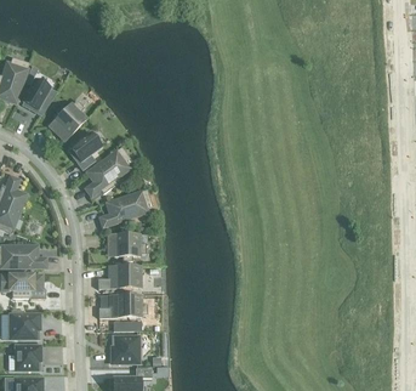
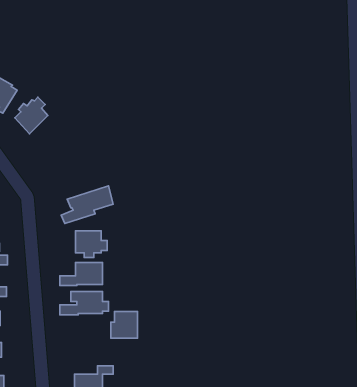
building: [70,131,102,169] -> none
building: [85,146,132,195] -> none
building: [112,335,138,362] -> [111,311,137,338]

